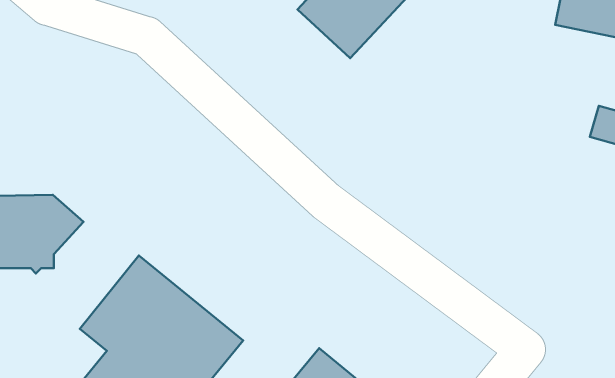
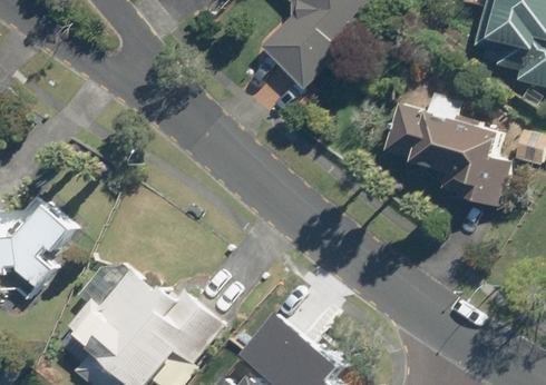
building: none -> [382,101,510,192]

